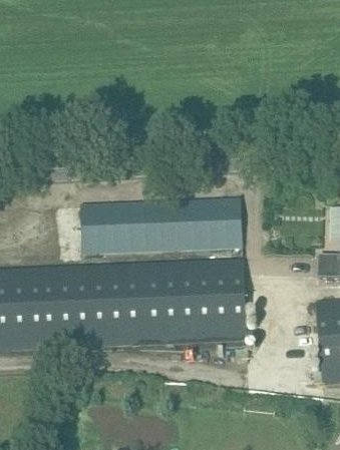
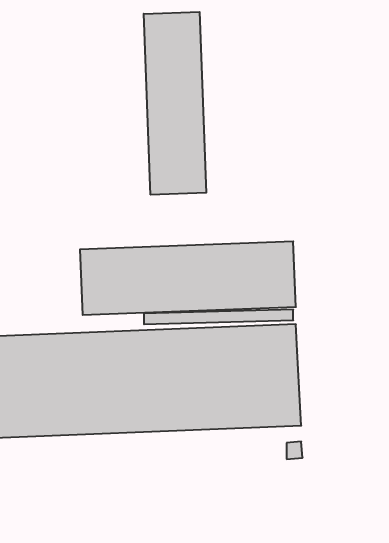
building: none -> [144,12,206,195]

